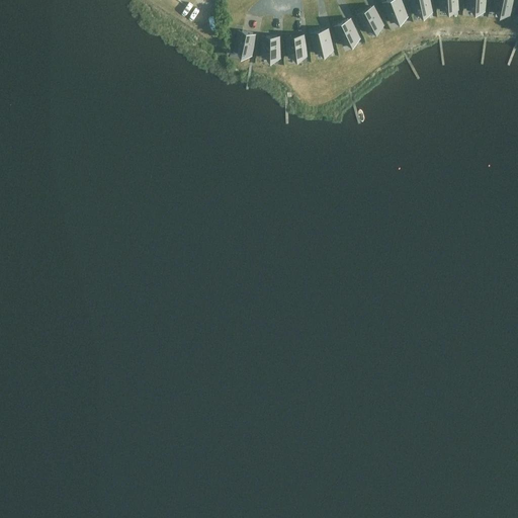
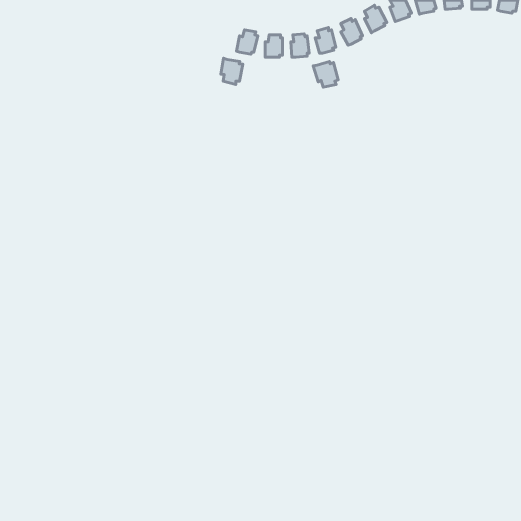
building: none -> [221,58,243,84]
building: none -> [313,62,338,87]

